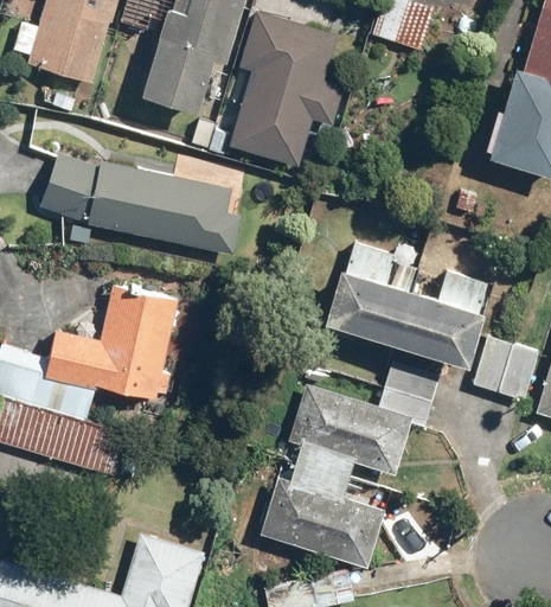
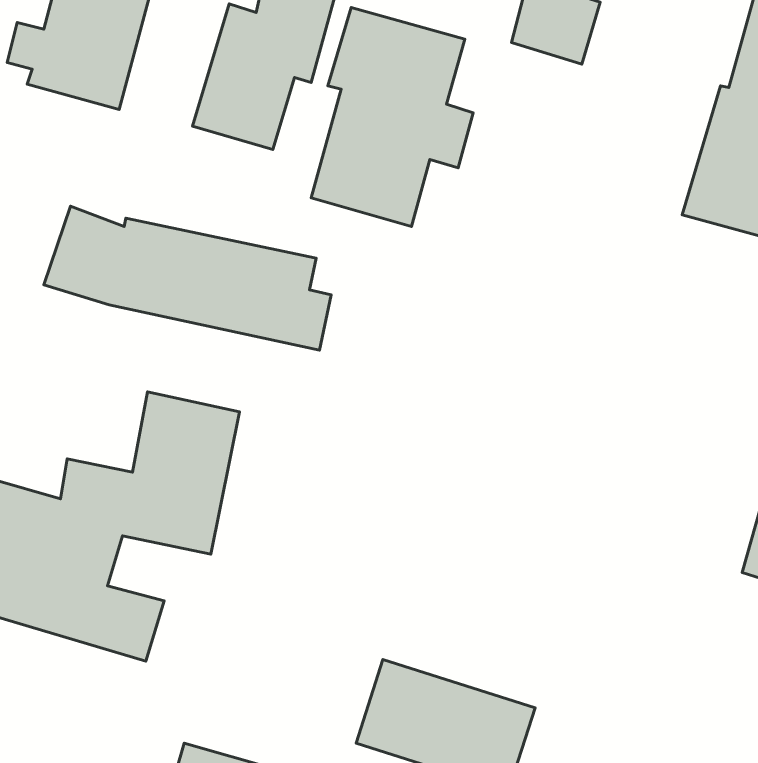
building: [328,241,488,365] -> none
building: [470,336,537,401] -> none
building: [289,362,438,473] -> none

